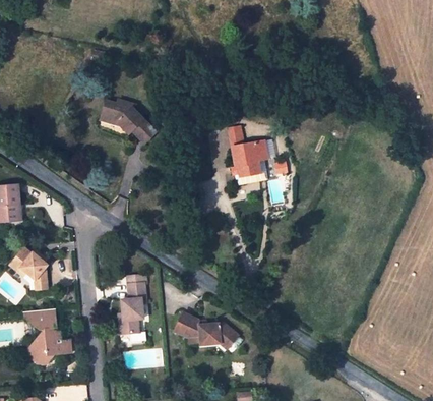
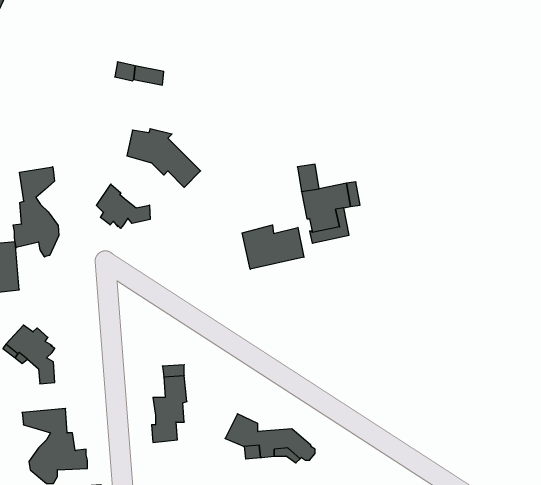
building: none -> [13,167,59,257]
building: none -> [96,184,150,228]
building: none -> [242,225,304,269]

